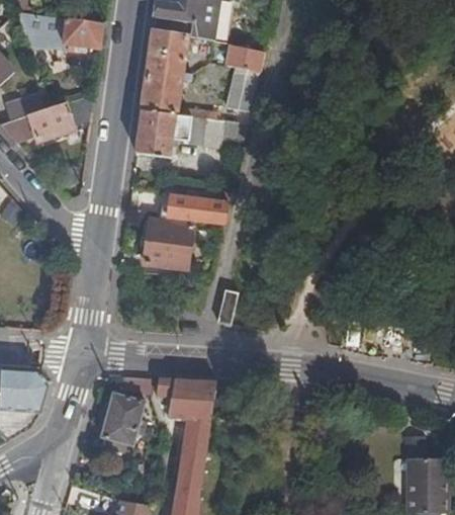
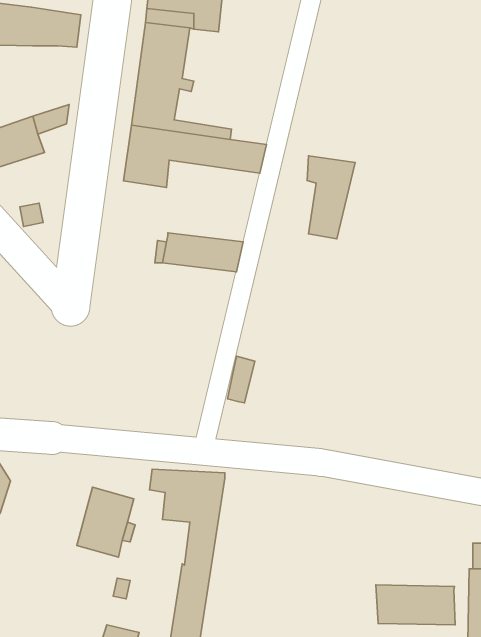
building: [229,40,266,105] -> [307,156,355,239]
building: [144,224,195,271] -> none
building: none -> [376,585,455,625]

